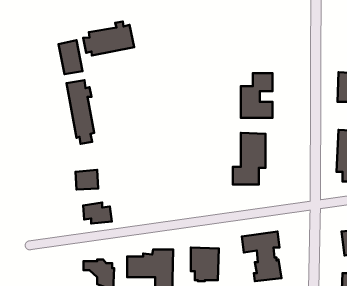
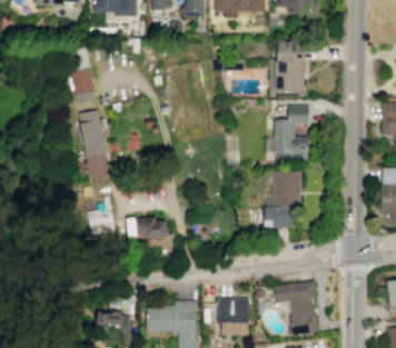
building: none -> [268,41,305,97]
building: [83,21,134,55] -> none
building: [83,202,112,223] -> [135,217,167,240]

